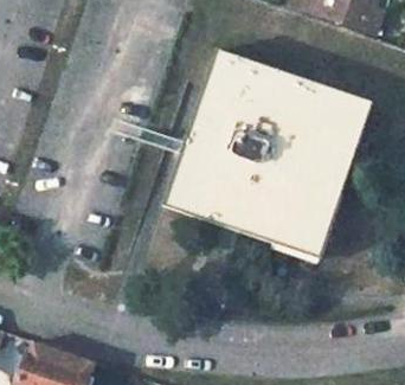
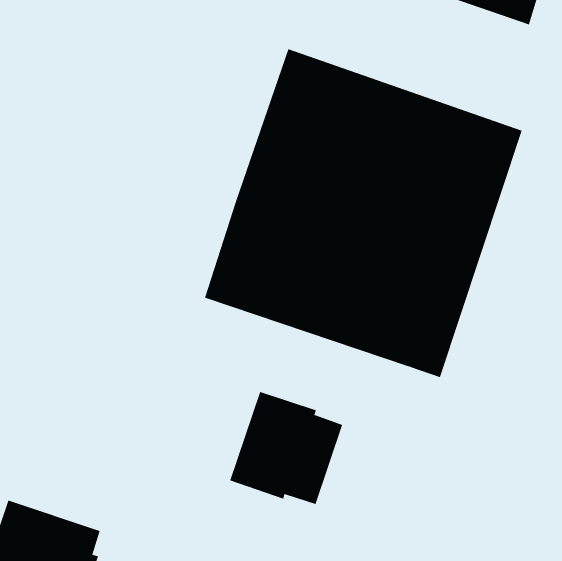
building: none -> [229,391,343,505]

